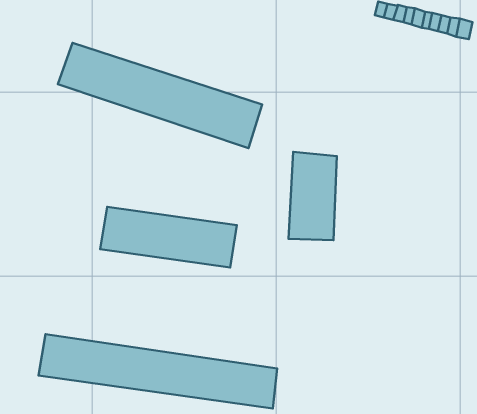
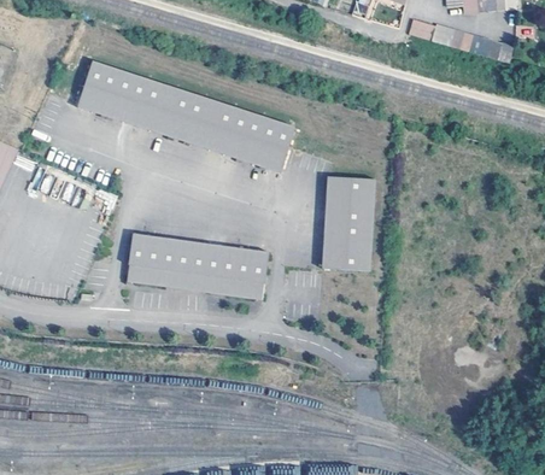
building: [38,334,277,409] -> none

